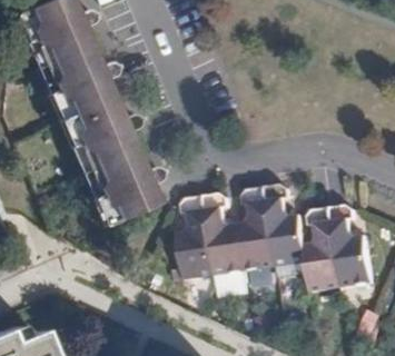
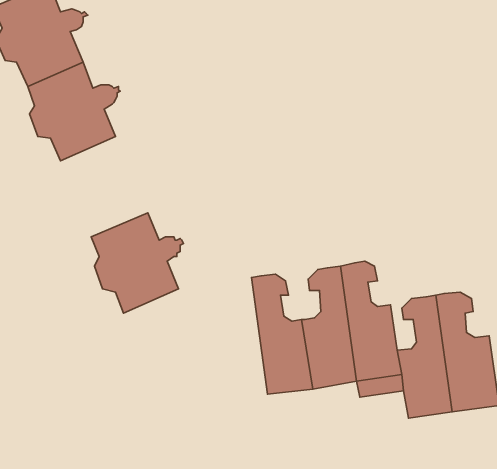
building: [73,99,136,168] -> none
building: [179,196,216,280] -> none

